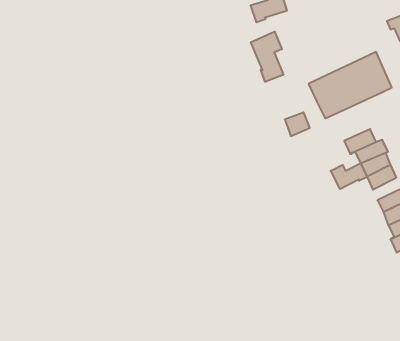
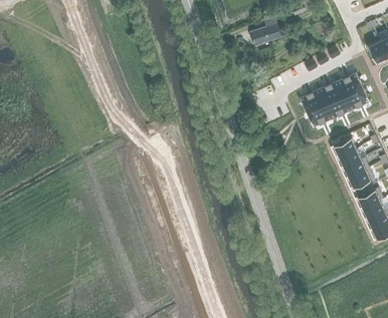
building: [251,32,283,82] -> none
building: [331,163,367,189] -> none

